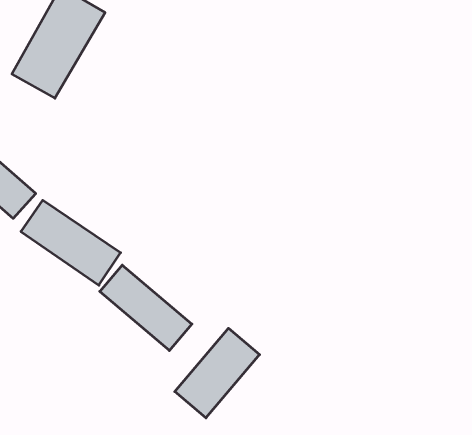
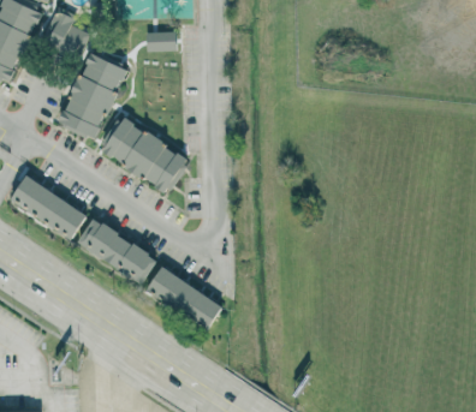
building: none -> [100,119,190,192]
building: [175,328,260,418] -> none

